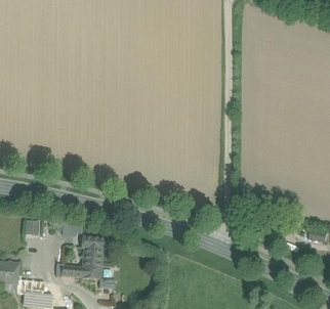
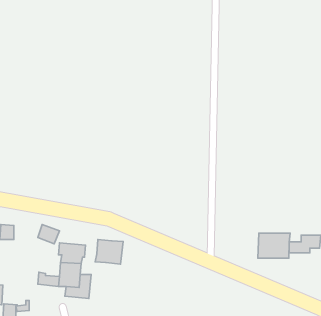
building: none -> [258,233,290,258]
building: none -> [95,239,123,264]

